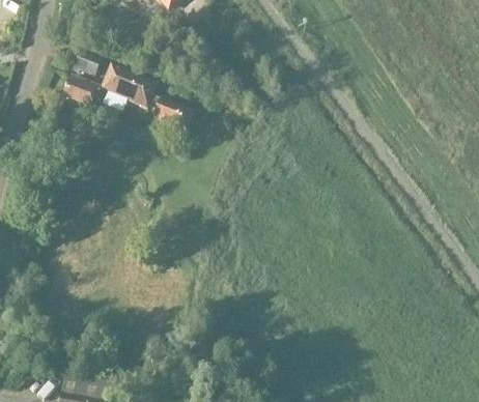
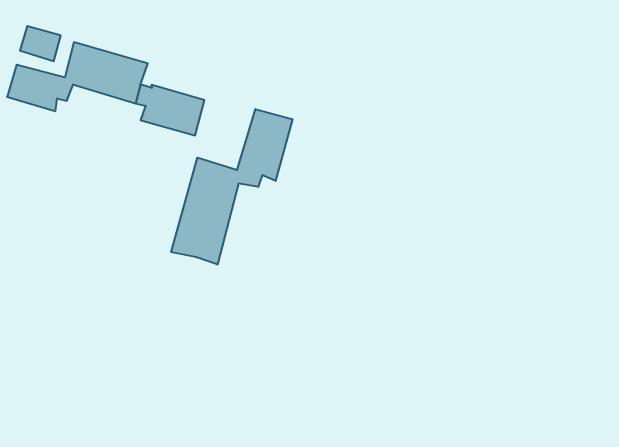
building: none -> [171,109,292,265]

